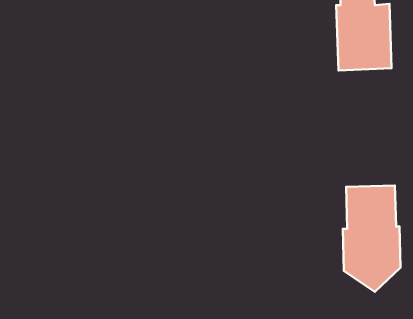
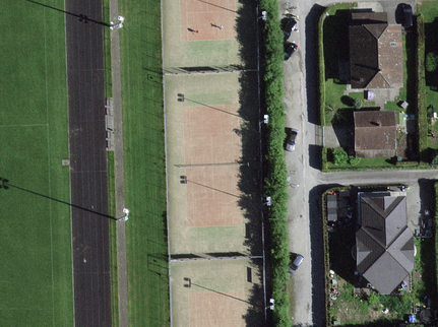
building: none -> [357,114,394,145]

